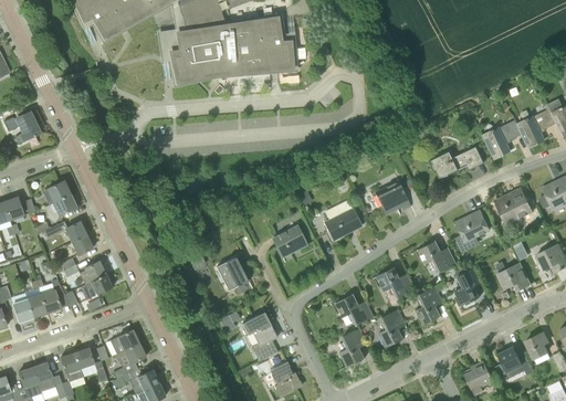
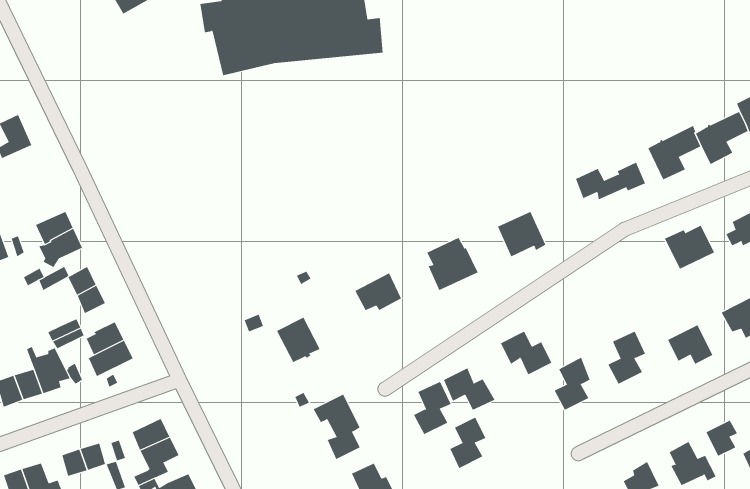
building: [454,211,489,253] -> none
building: [418,241,455,272] -> none
building: [378,309,406,348] -> [413,381,451,435]

